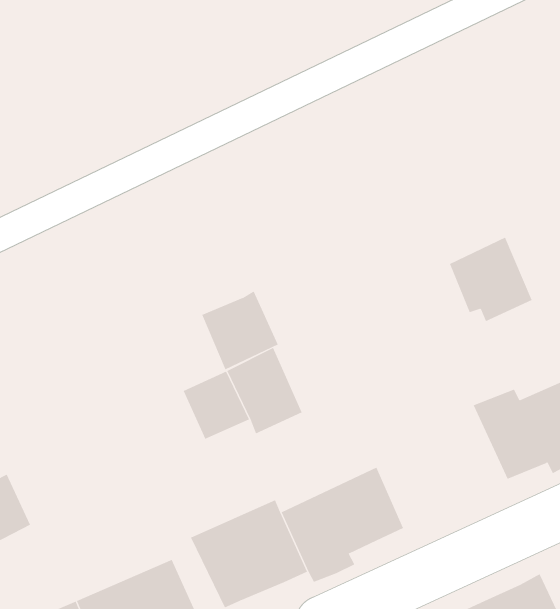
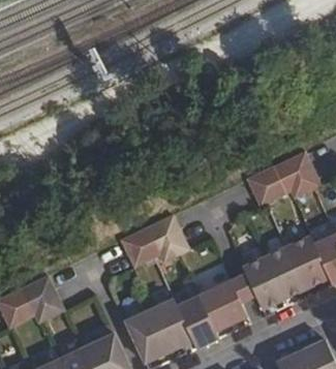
building: none -> [246,165,283,205]
building: [202,291,279,370] -> none
building: none -> [242,246,305,309]
building: none -> [20,273,63,321]

